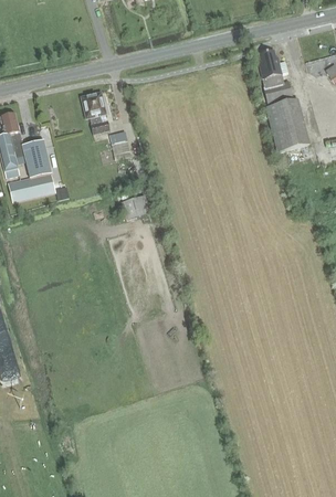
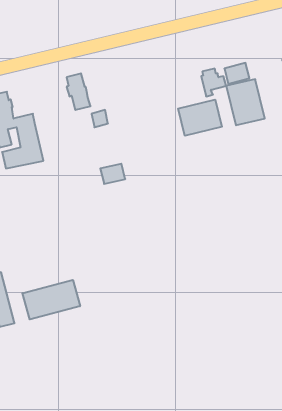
building: [259,51,287,83] -> [201,69,226,96]
building: none -> [178,100,222,136]
building: none -> [22,280,80,319]

